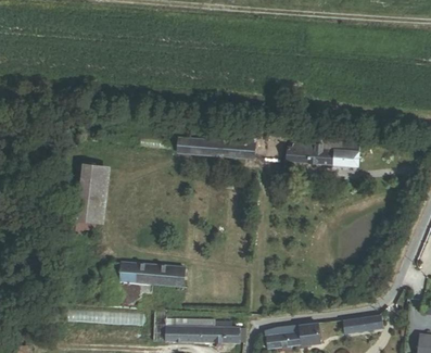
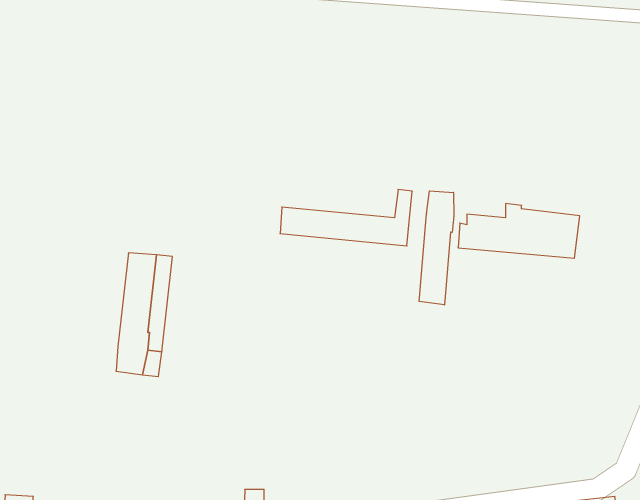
building: none -> [419,191,454,305]
building: [119,261,186,286] -> none

